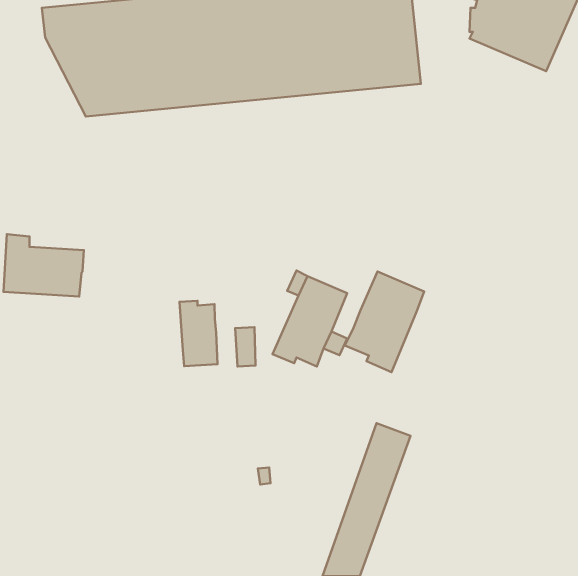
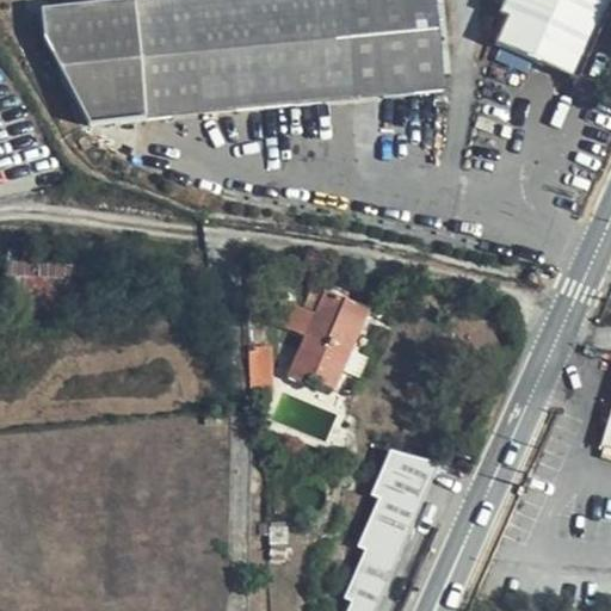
building: [345,272,424,372] -> none
building: [179,301,217,366] -> none

